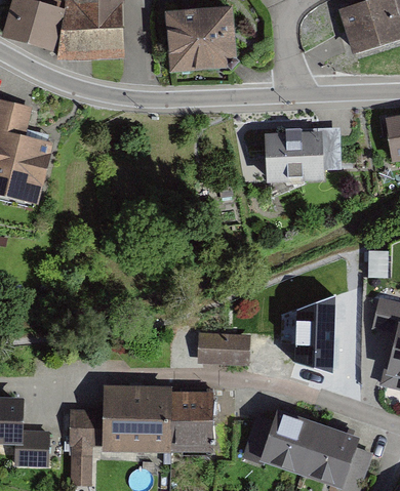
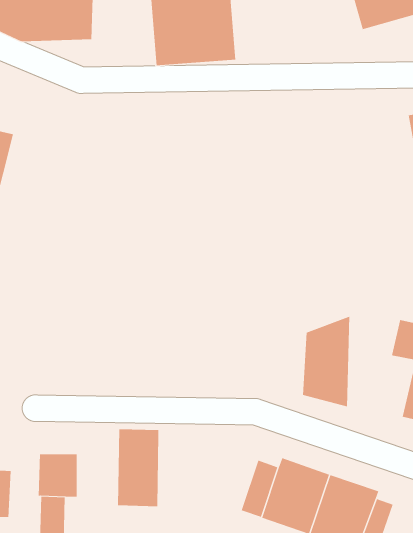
building: [261,124,337,177] -> none
building: [201,329,247,360] -> none
building: [103,386,138,453] -> none
building: [172,393,215,454] -> none

